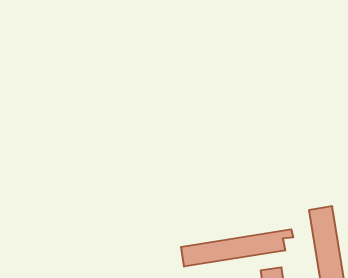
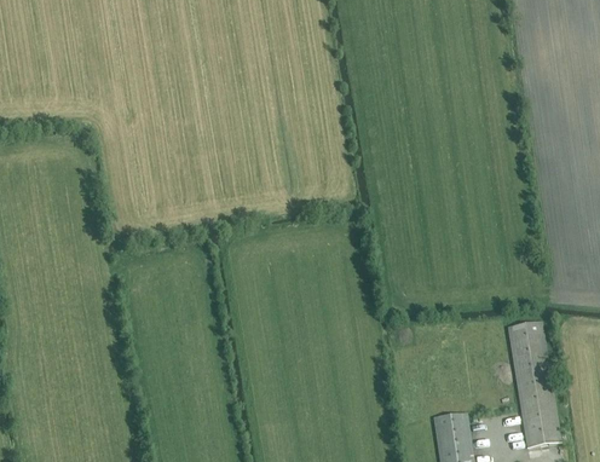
building: [181,229,293,267] -> none

